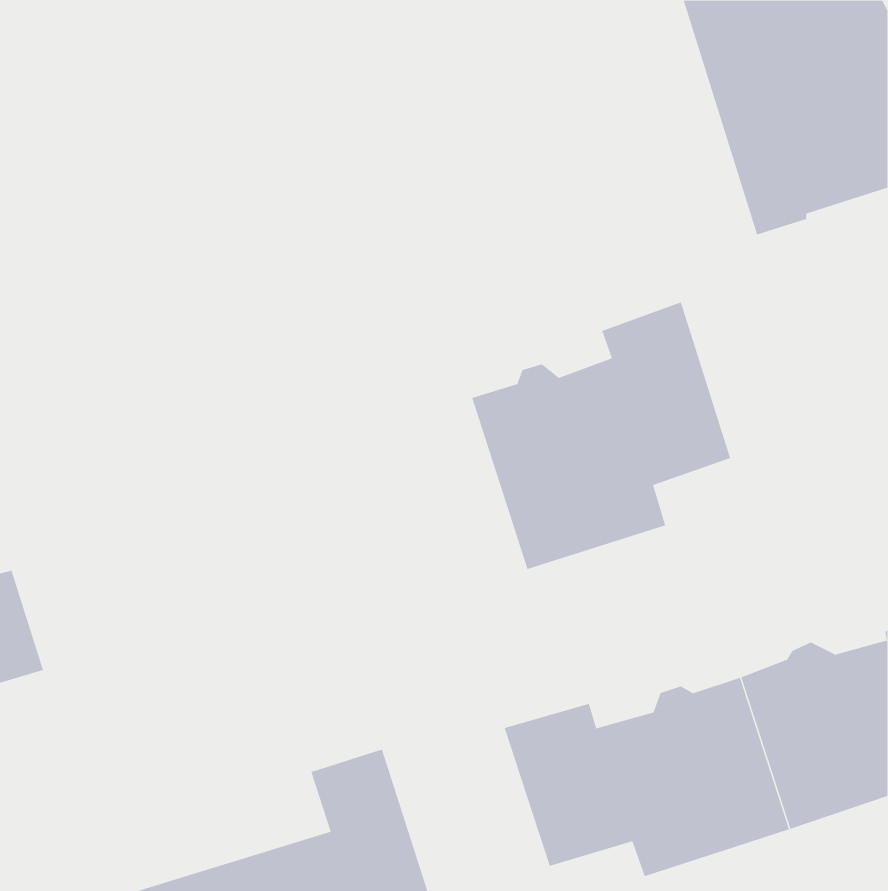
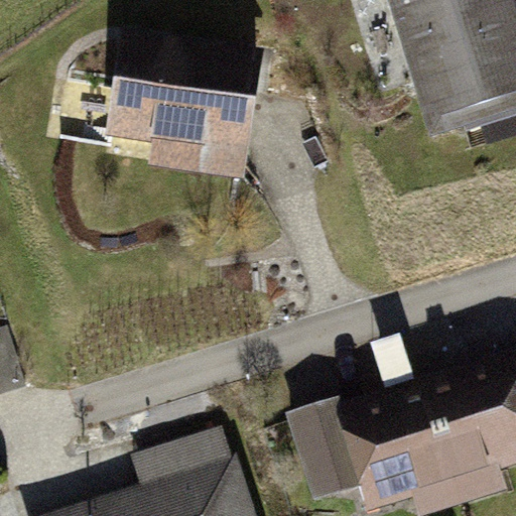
building: none -> [113,44,256,154]
building: [472,301,731,570] -> none

